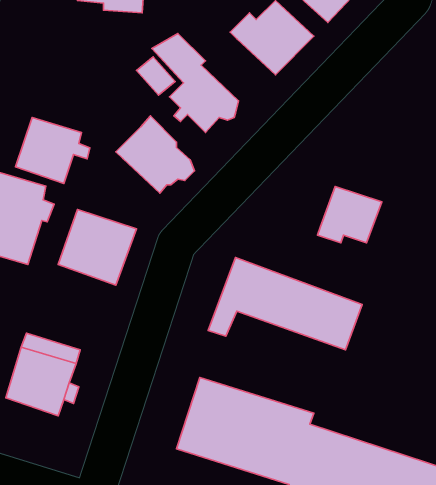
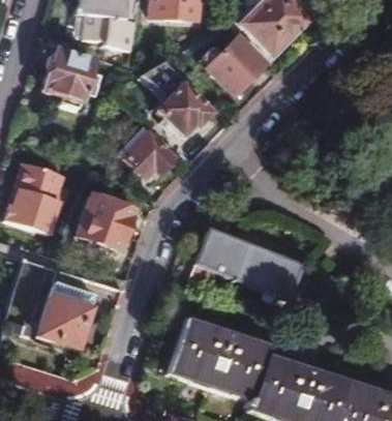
building: [16,117,90,183] -> [44,50,100,99]
building: [318,187,382,243] -> none

